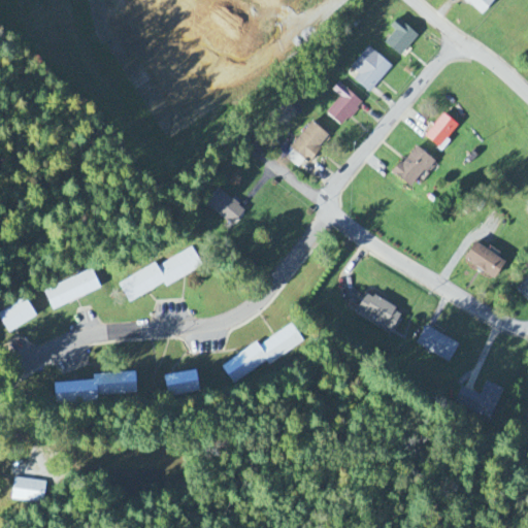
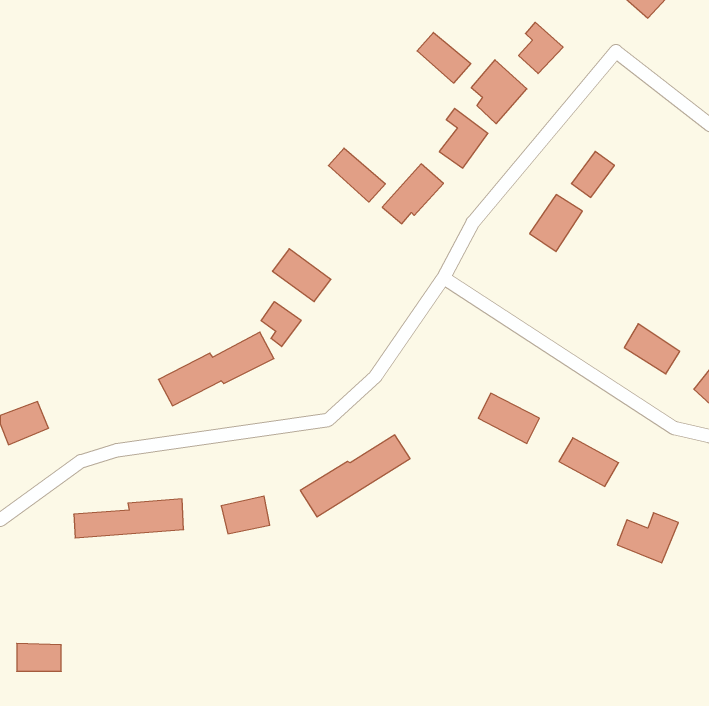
building: none -> [417,32,471,83]
building: none -> [328,148,385,202]
building: none -> [261,302,301,347]
building: [46,268,102,308] -> none

